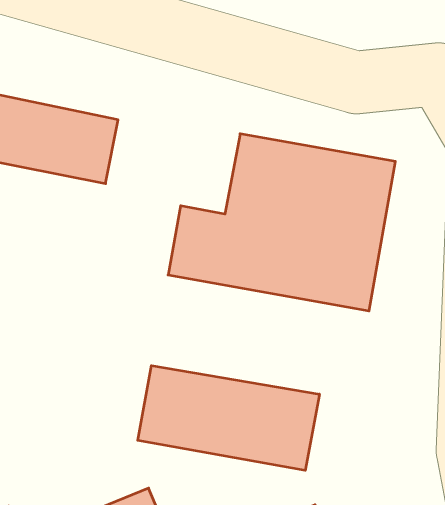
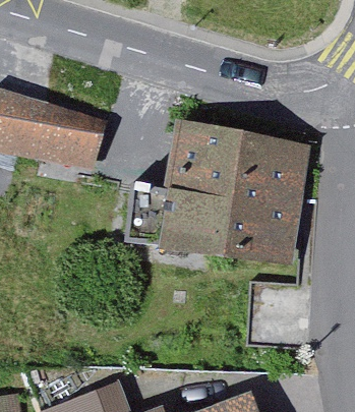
building: [138,366,319,470] -> none

